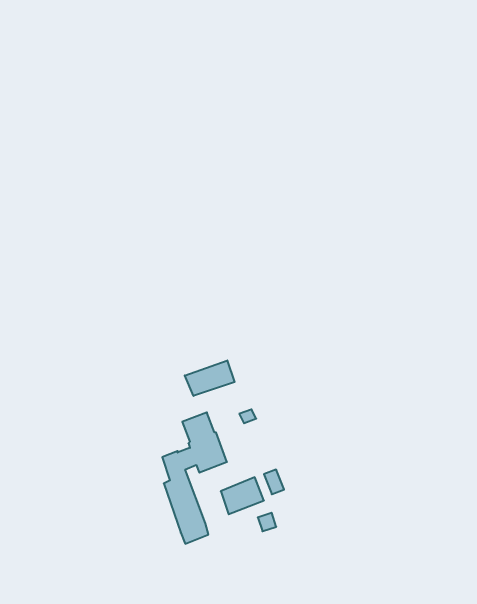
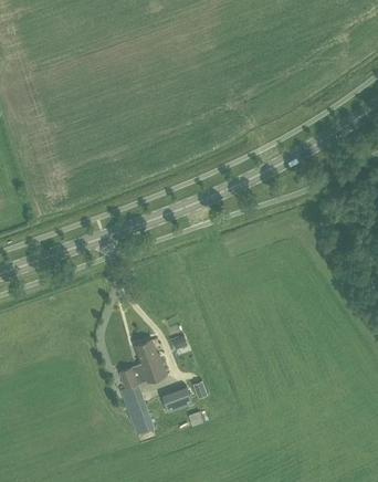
building: [185,360,235,396] -> none

